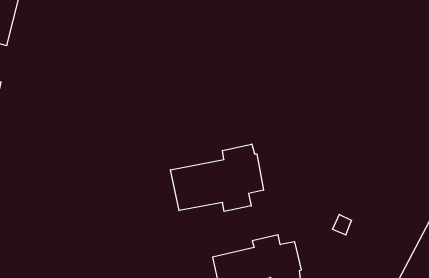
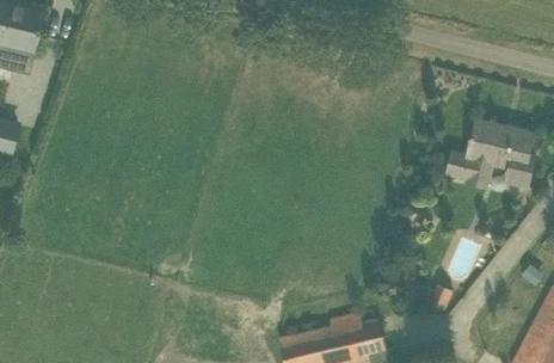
building: none -> [445,119,536,186]
building: [170,144,264,211] -> none

